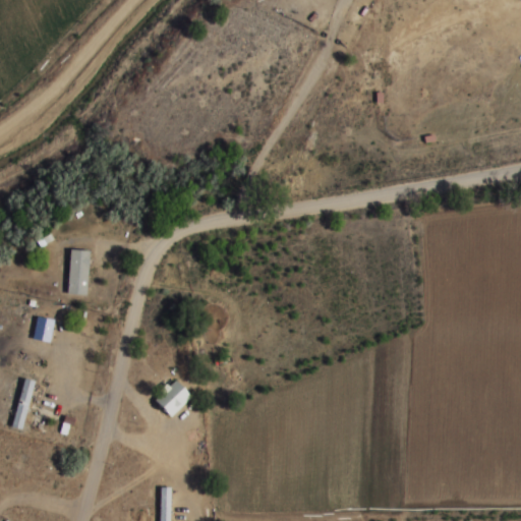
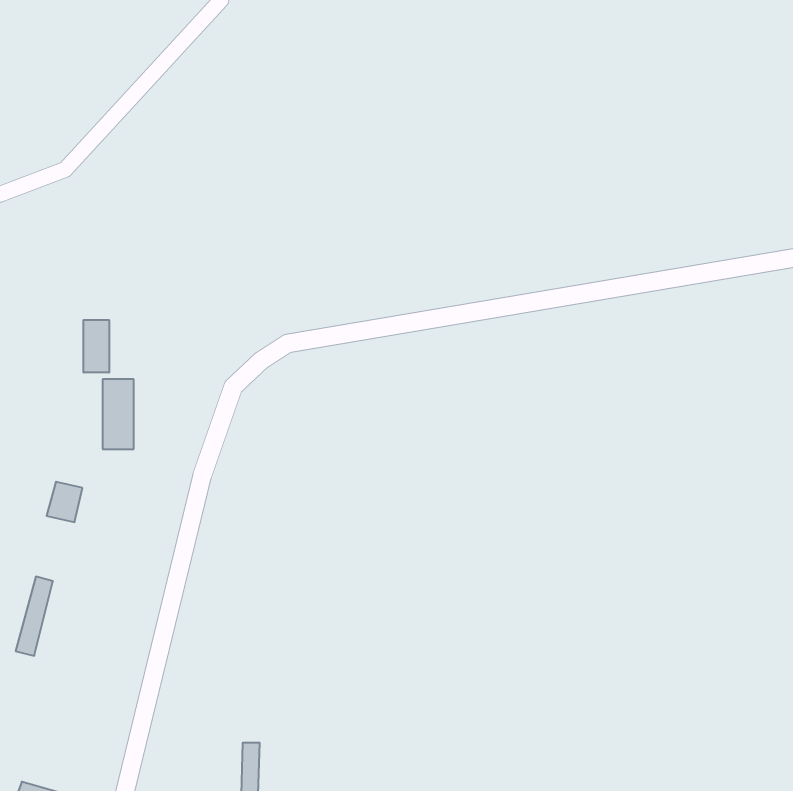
building: none -> [84,320,109,373]
building: [154,380,193,418] -> none

